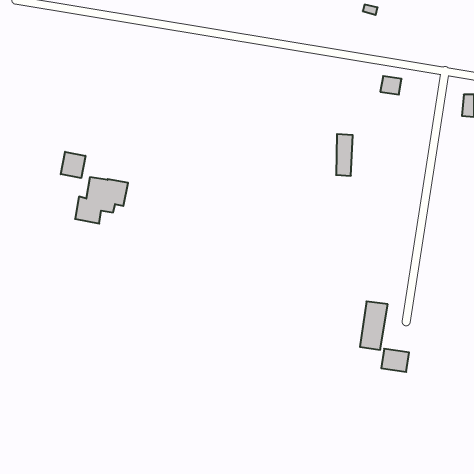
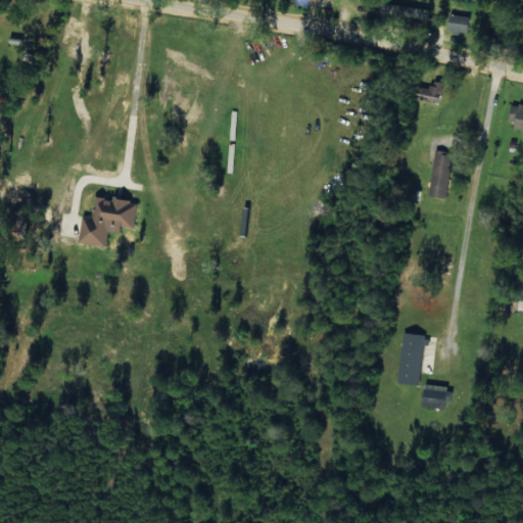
building: none -> [445,14,470,33]
building: [336,134,353,176] -> [430,151,448,197]
building: [61,152,85,178] -> none

